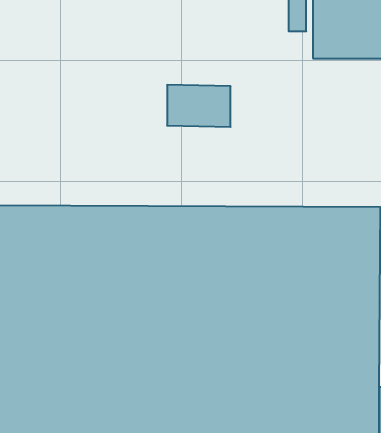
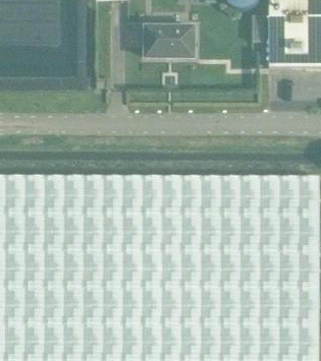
building: [167,85,231,127] -> [146,26,194,58]

